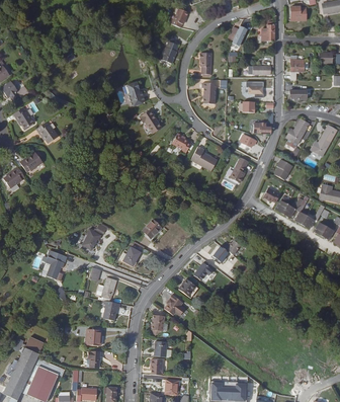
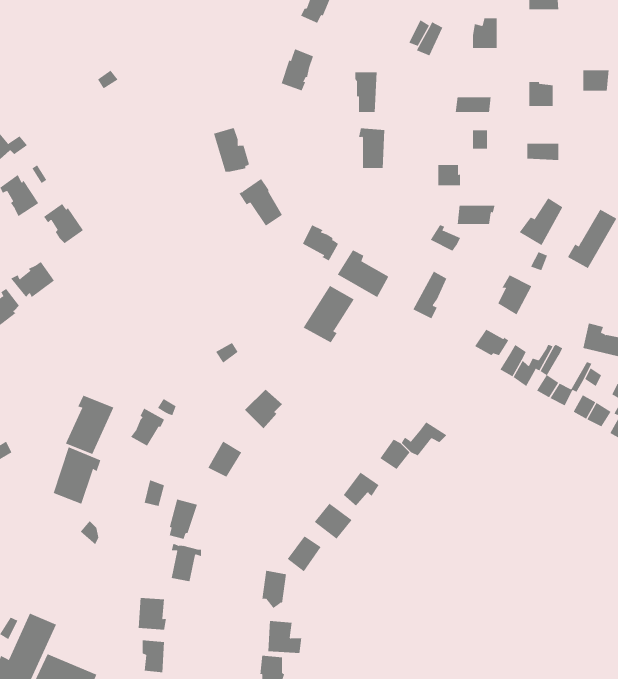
building: none -> [303,285,354,343]
building: none -> [65,395,114,455]

